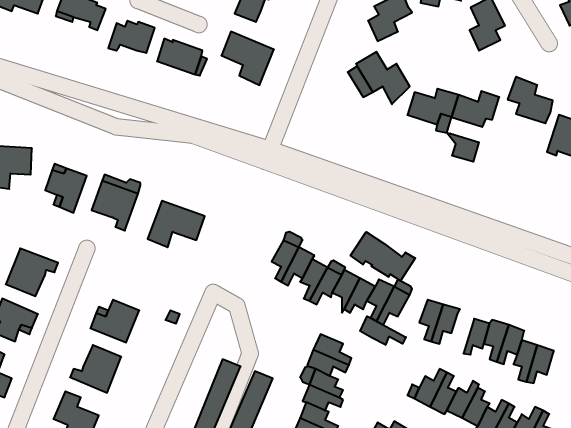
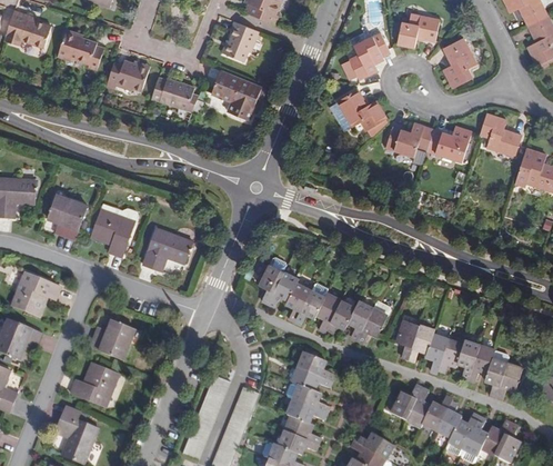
building: [447,133,479,162] -> none
building: [351,232,415,281] -> none
building: none -> [425,334,448,373]
building: [360,316,406,345] -> none

